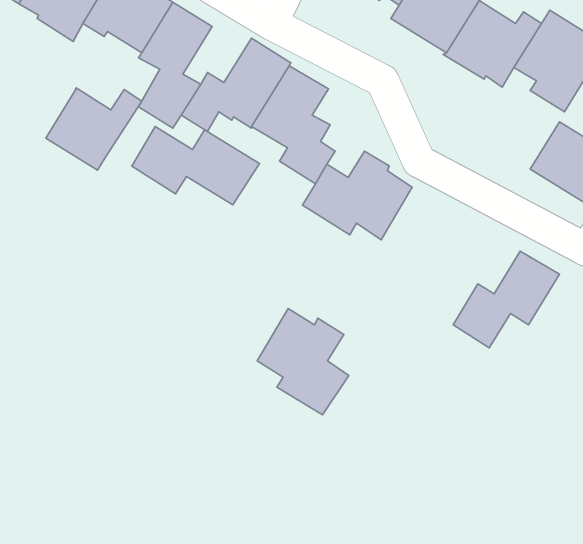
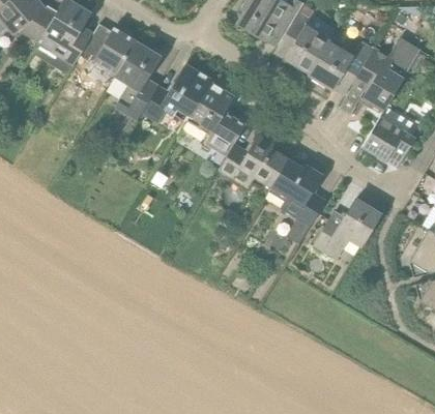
building: [46,88,142,170] -> none
building: [132,127,259,205] -> none
building: [257,308,349,415] -> [268,157,326,225]

